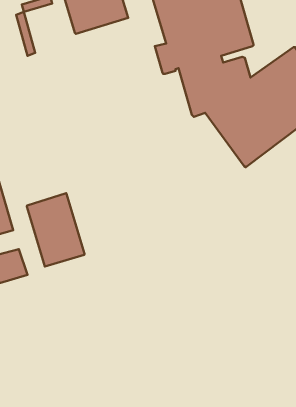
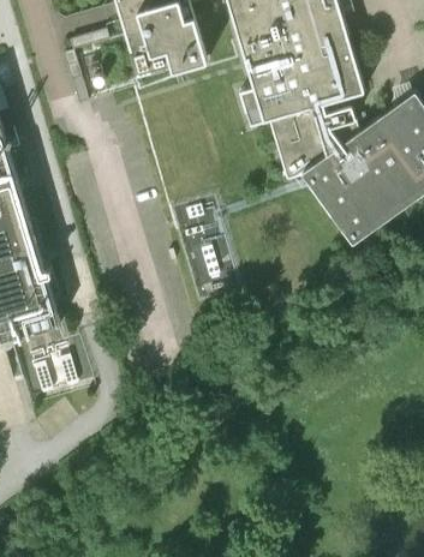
building: [27,193,84,266] -> none

